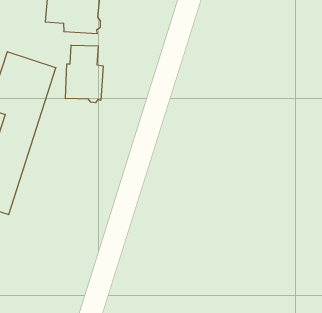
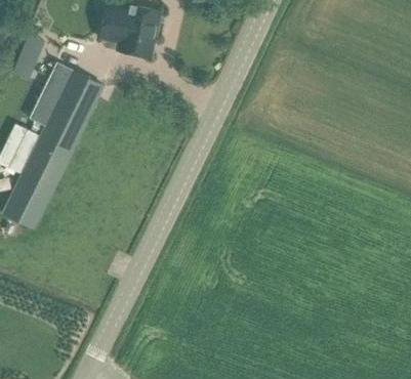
building: [65,45,103,103] -> none

